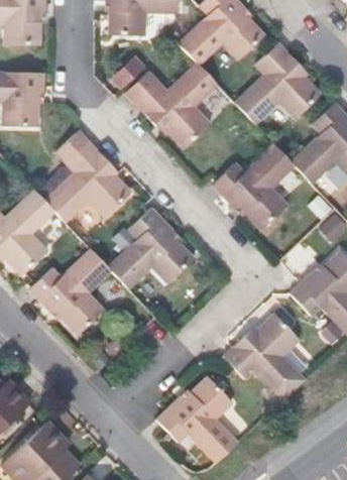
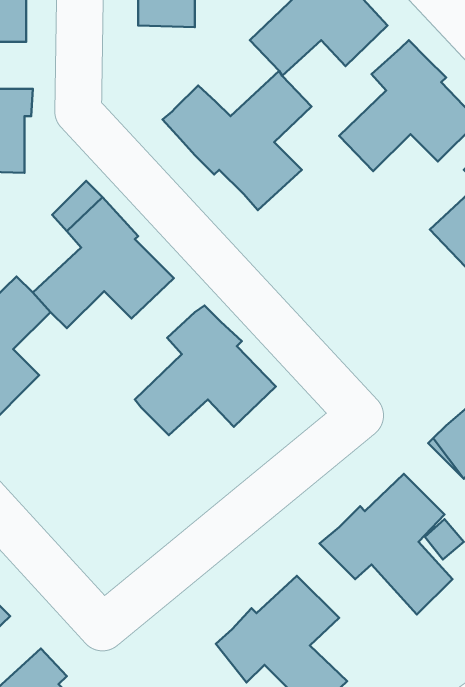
building: [212,143,295,229] -> none
building: [28,248,111,336] -> none

